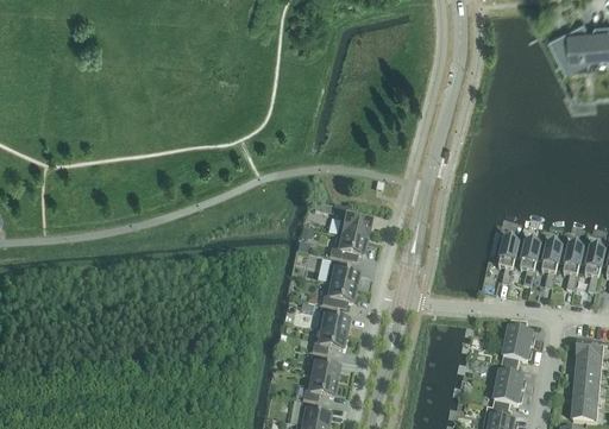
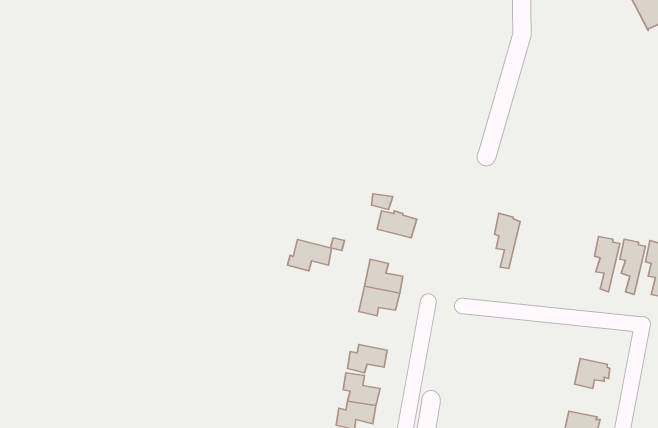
building: [328,234,365,260] -> [287,239,331,271]
building: [497,238,519,284] -> [495,213,520,268]
building: [318,307,349,335] -> none
building: [507,320,535,347] -> none
building: [497,364,526,391] -> none

